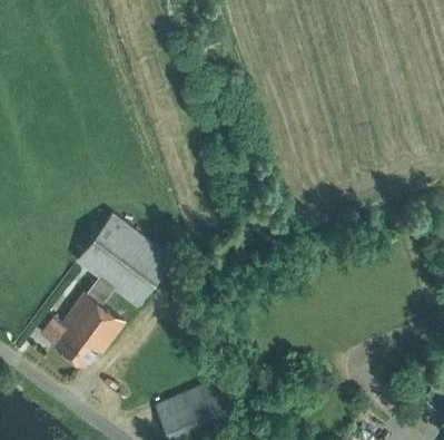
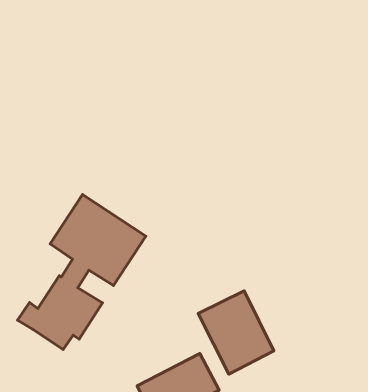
building: none -> [198,291,274,374]

